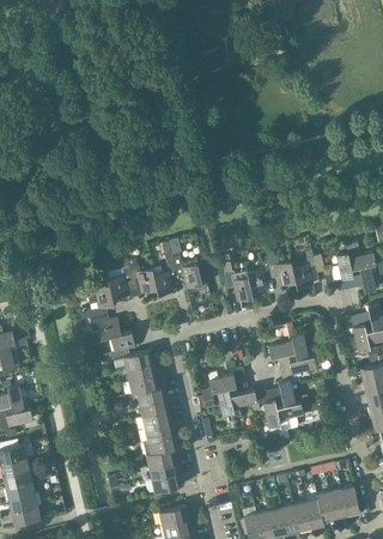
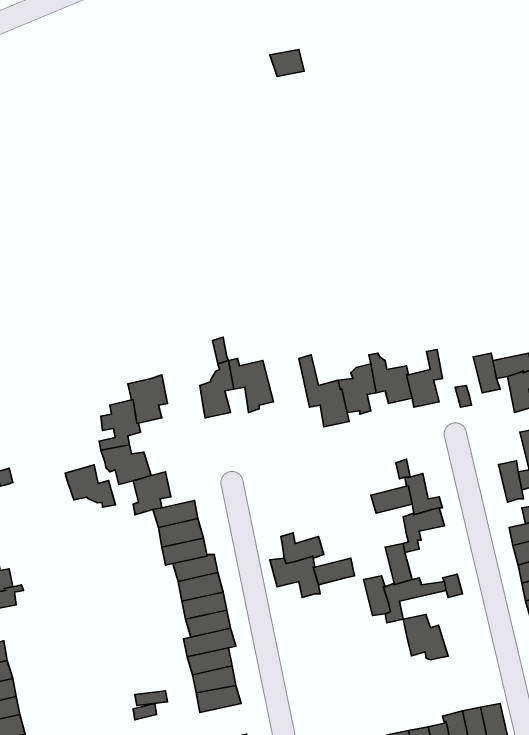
building: [127,258,157,293] -> none
building: none -> [65,465,116,507]
building: none -> [403,614,448,660]

